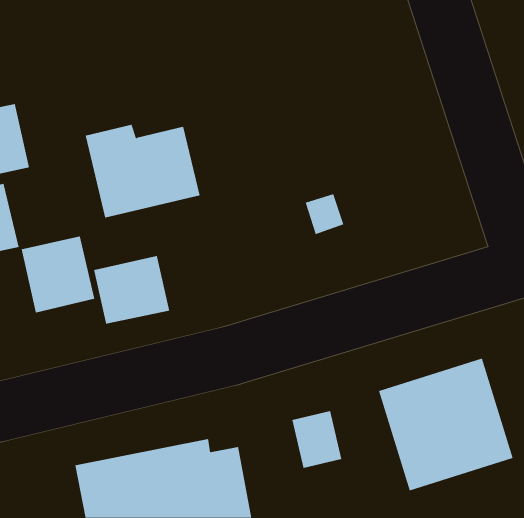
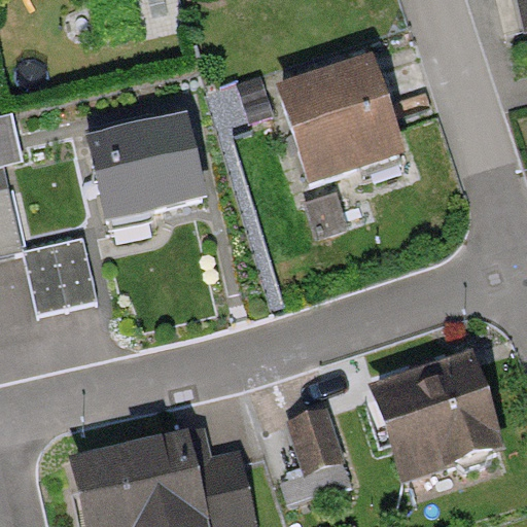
building: none -> [279,63,396,180]
building: [94,255,170,325] -> none

